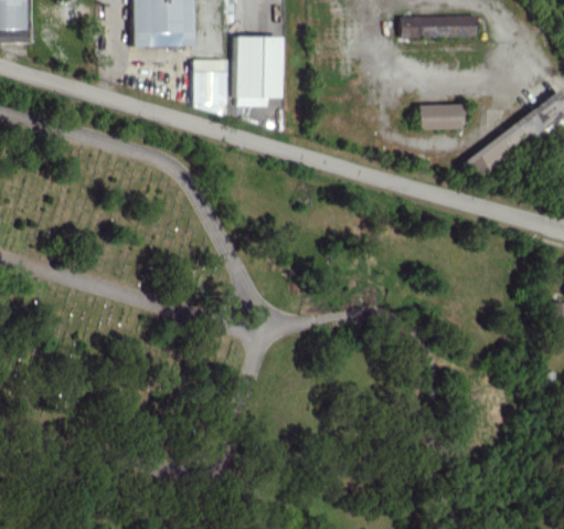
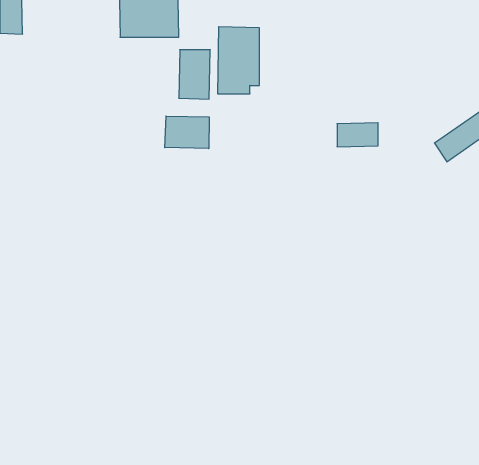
building: [403,14,478,43] -> none
building: [419,104,462,129] -> [337,123,378,147]
building: none -> [165,116,209,149]

